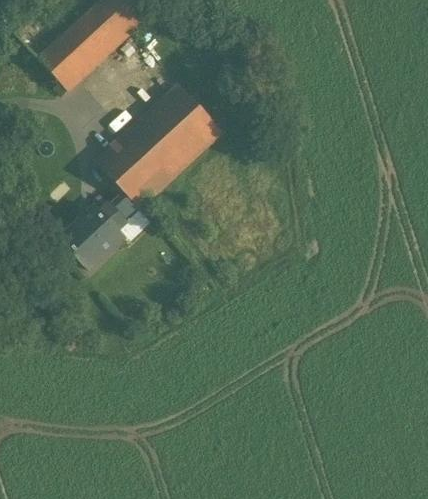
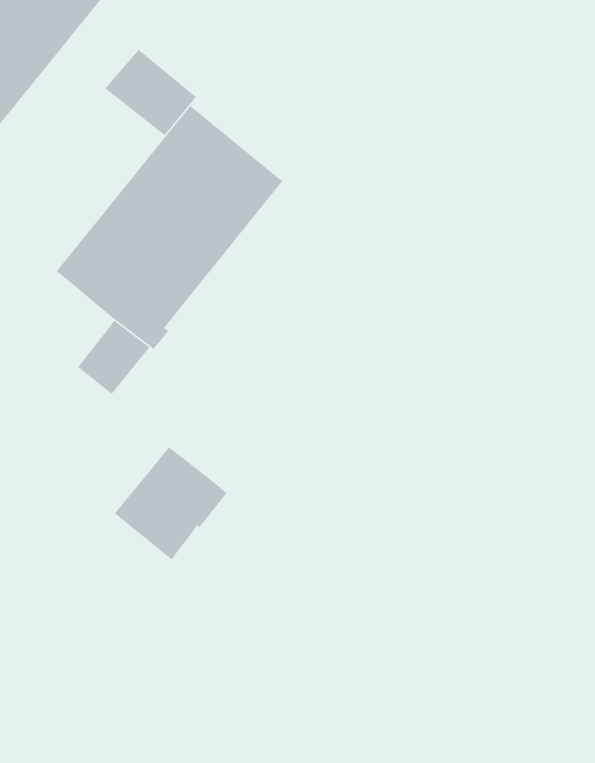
building: none -> [104,49,197,136]
building: [63,207,124,267] -> [114,446,227,561]

